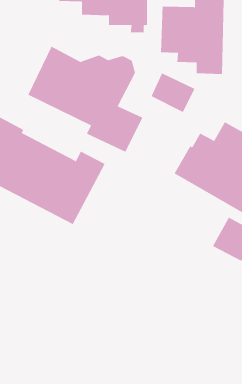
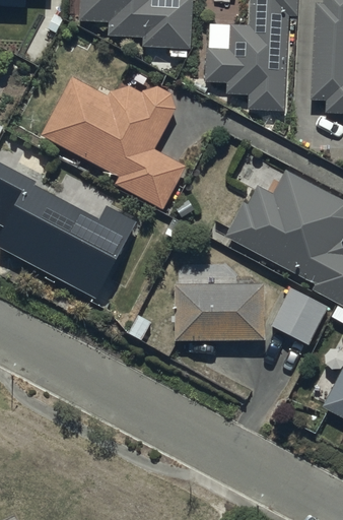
building: [151,72,195,113] -> none
building: none -> [176,283,265,341]

